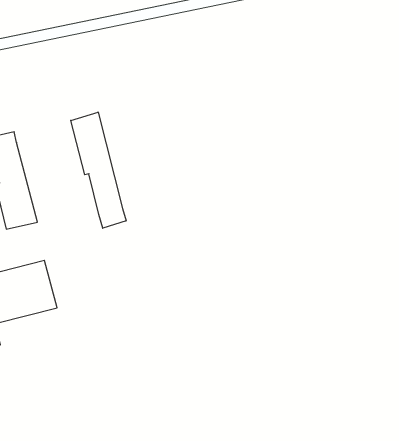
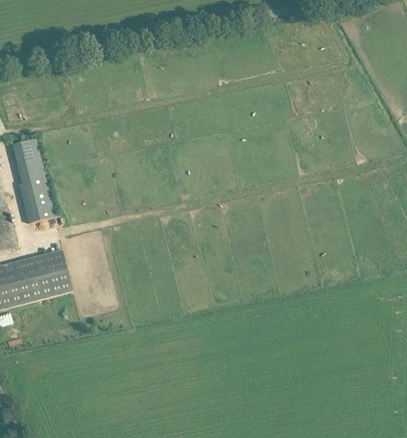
building: [71,112,126,228] -> none

